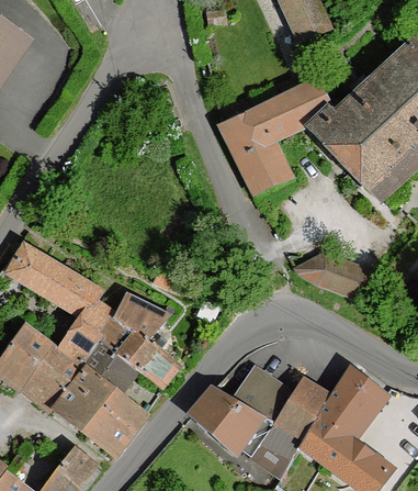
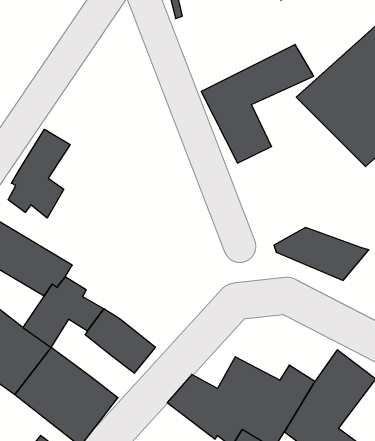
building: none -> [8,129,70,218]
building: [114,291,172,338] -> none
building: [84,338,138,393] -> none

